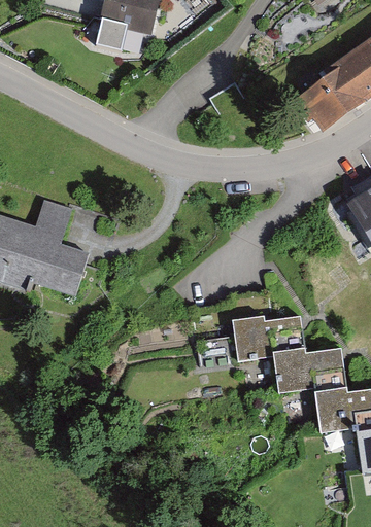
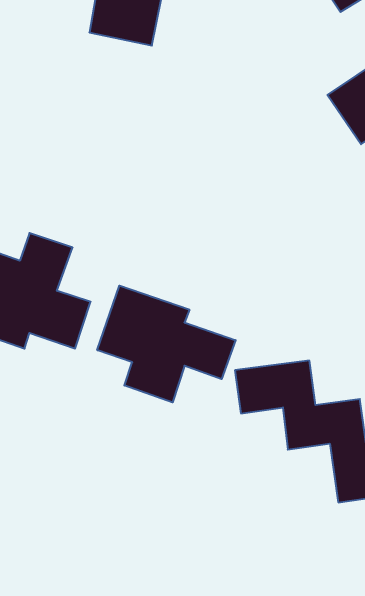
building: none -> [97,286,236,402]

